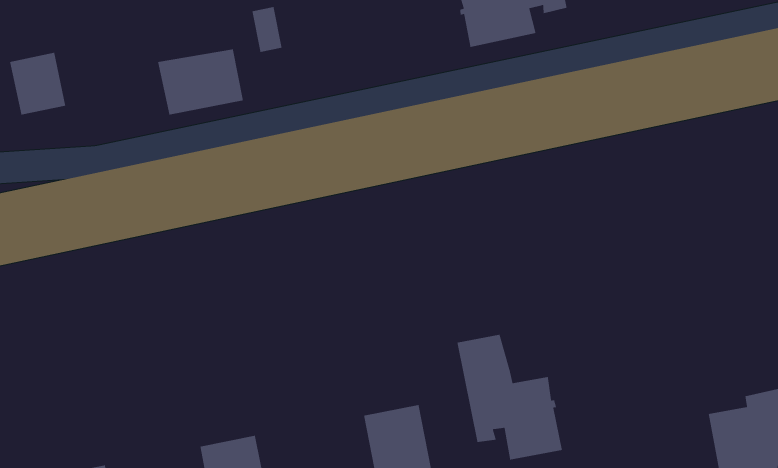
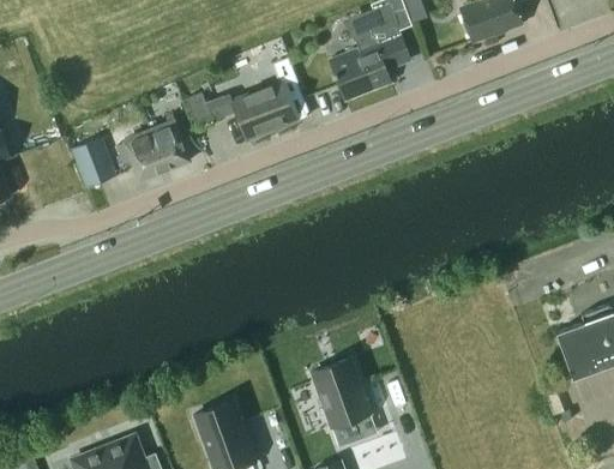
building: none -> [233,82,295,139]
building: [9,52,66,116] -> [71,139,116,188]
building: [457,334,563,460] -> none

